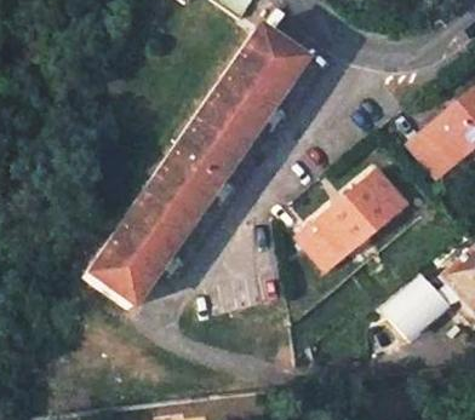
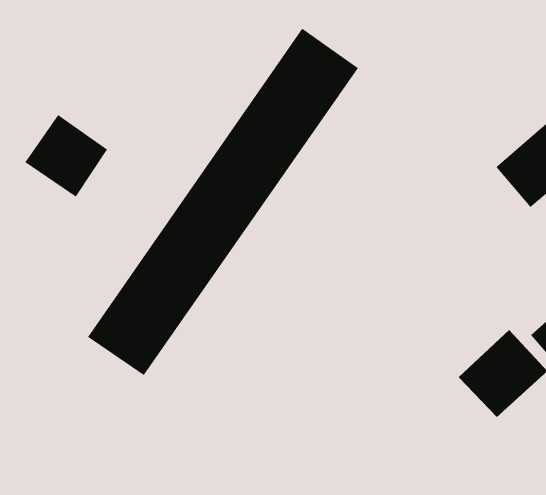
building: none -> [25,114,108,198]
building: [298,171,405,270] -> none

